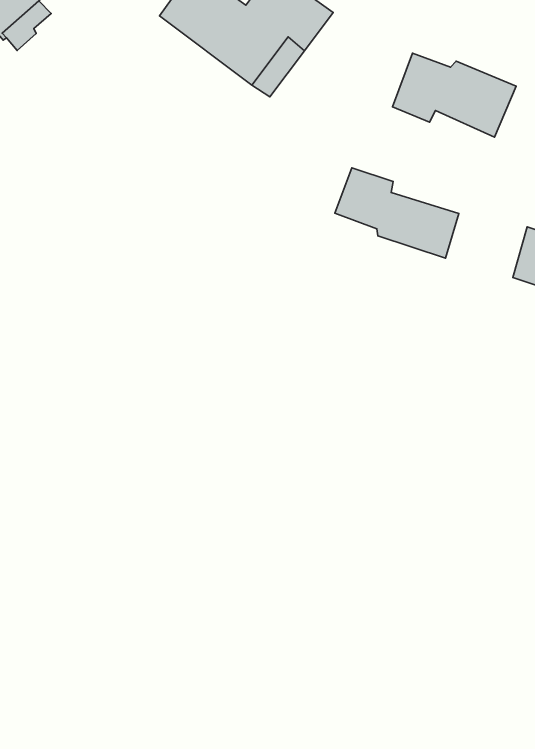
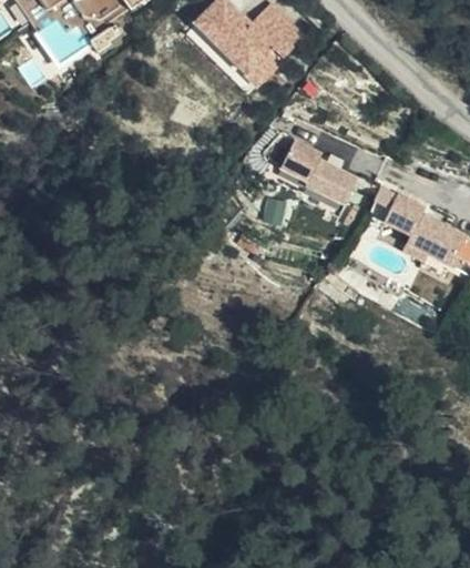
building: [393,53,516,137] -> none

